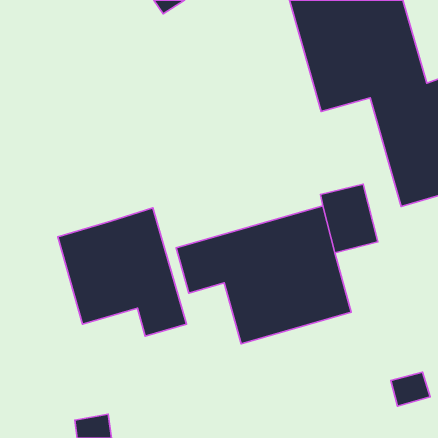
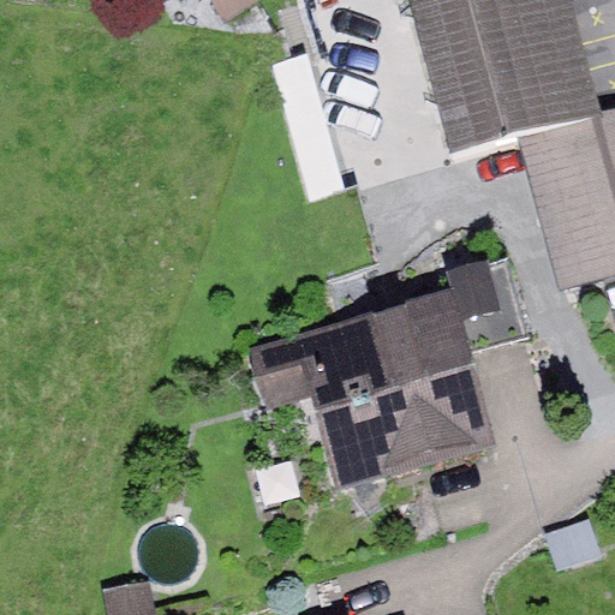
building: [58,208,186,336] -> none

